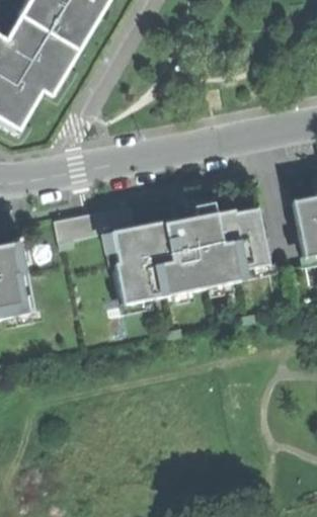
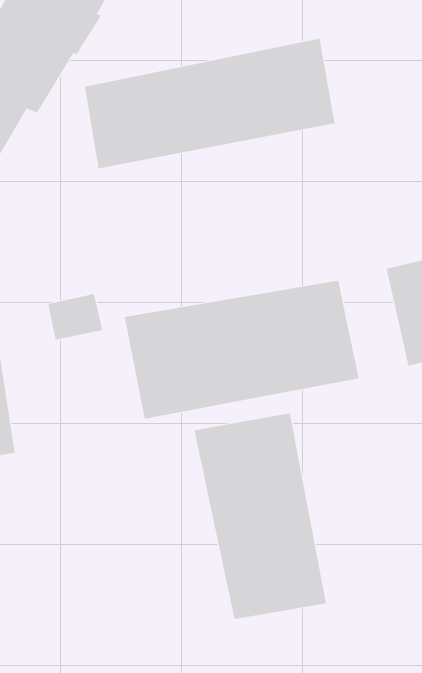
building: none -> [85,38,335,169]
building: none -> [194,412,327,620]

